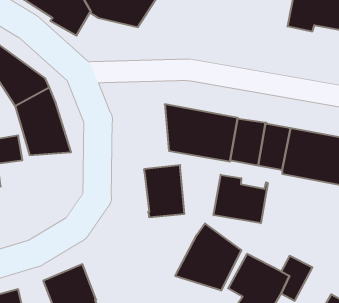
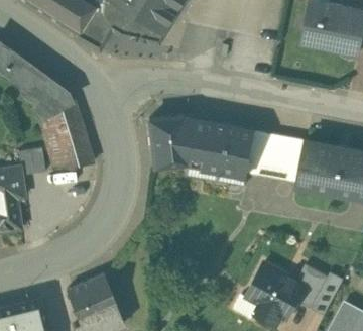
building: [144,165,184,217] -> [149,115,189,165]
building: [214,175,268,223] -> none
building: [175,223,241,291] -> none

